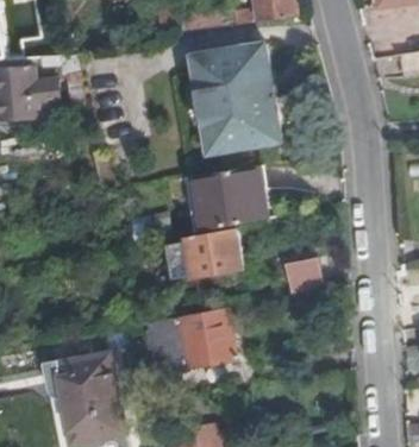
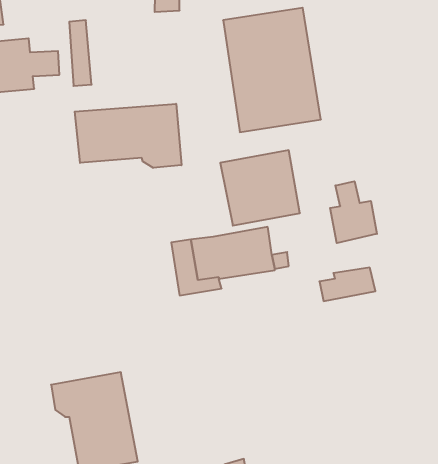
building: none -> [75,104,181,168]
building: none -> [330,181,377,243]
building: [150,308,234,371] -> none

